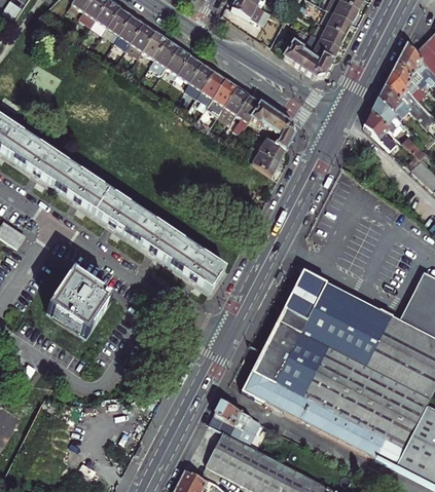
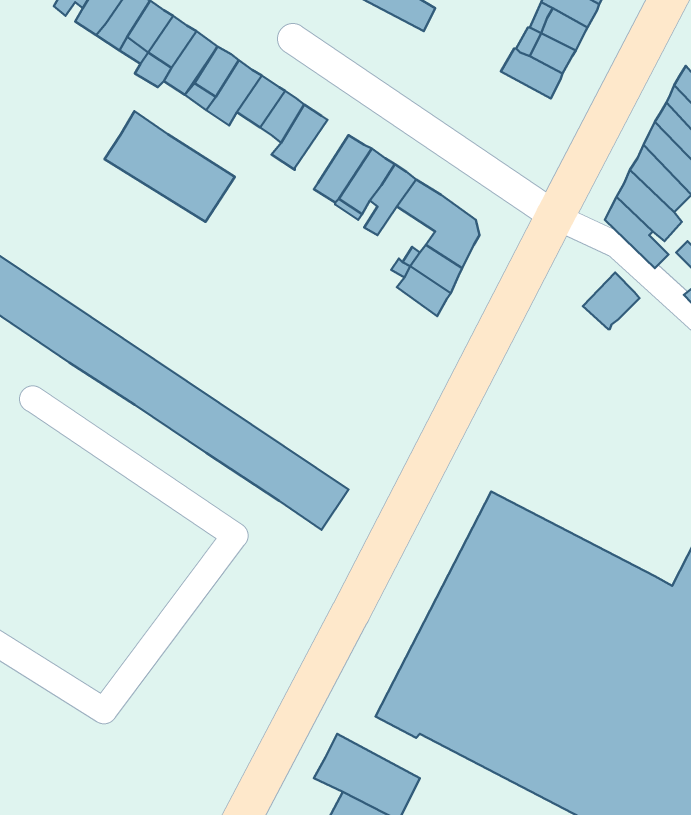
building: [285,40,334,78] -> none
building: none -> [104,111,235,222]
building: [197,71,226,105] -> none
building: none -> [583,273,640,329]
building: [48,274,113,338] -> none

